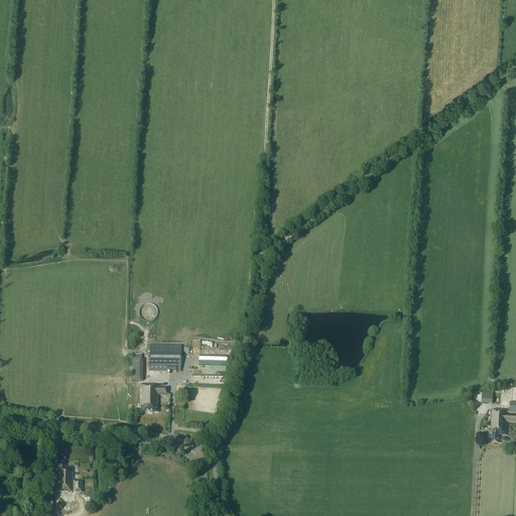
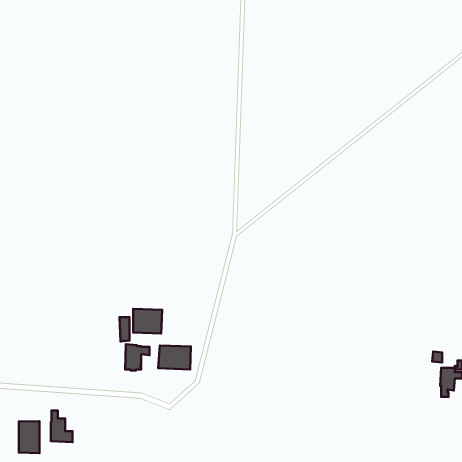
building: none -> [158,345,191,369]
building: none -> [19,421,39,453]

